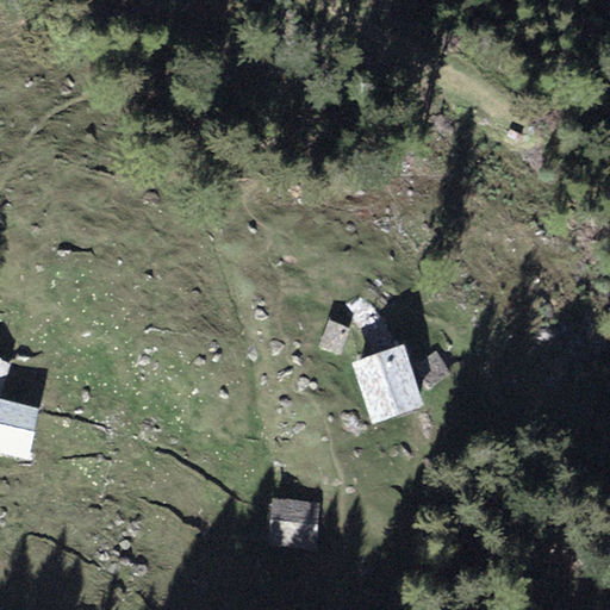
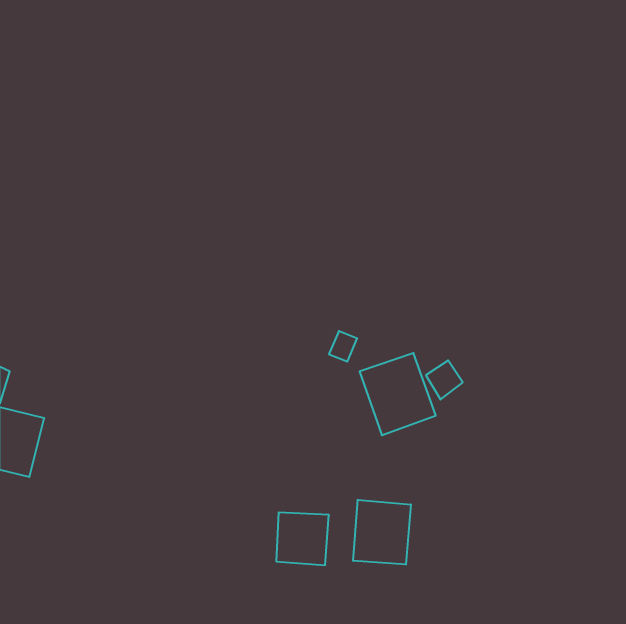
building: none -> [353,500,411,565]

